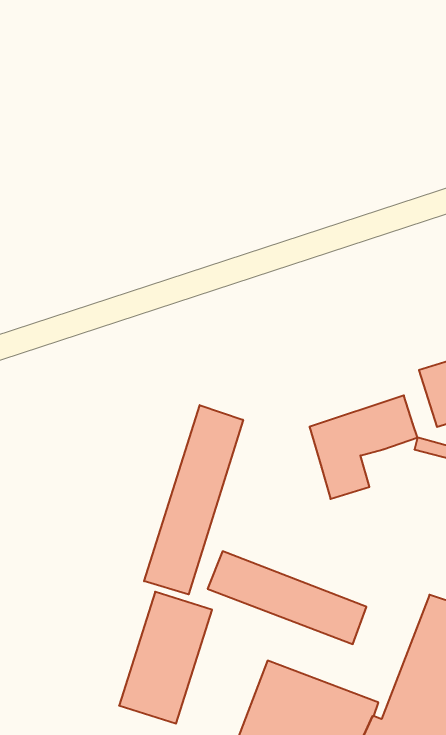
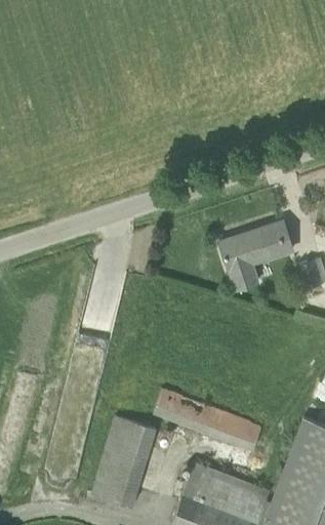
building: [309,395,417,499] -> [219,220,293,291]
building: [144,405,243,594] -> none

